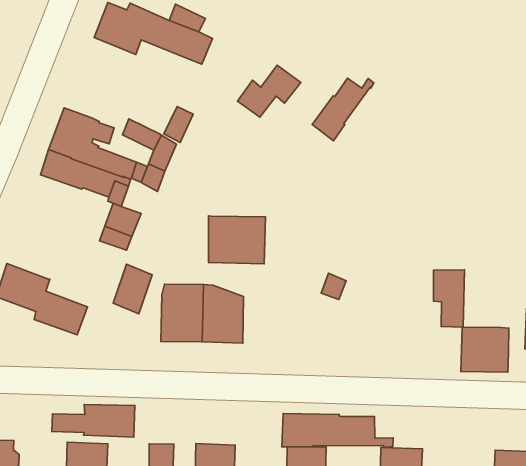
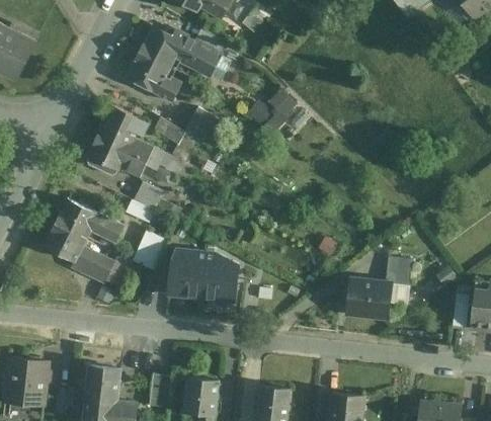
building: none -> [126,53,182,102]
building: [312,78,374,141] -> none
building: [209,216,265,264] -> none
building: none -> [55,198,124,242]
building: [461,327,509,372] -> [350,279,391,318]
building: [52,405,135,437] -> none
building: [282,414,393,447] -> none

